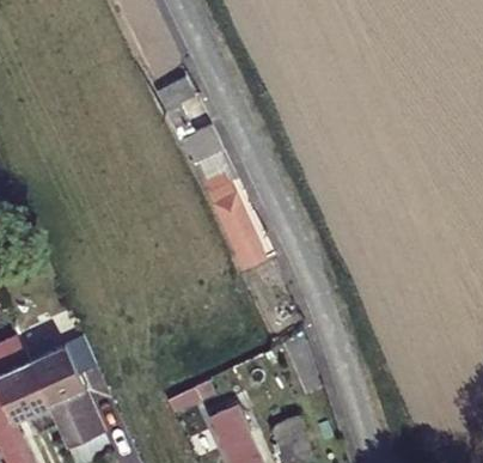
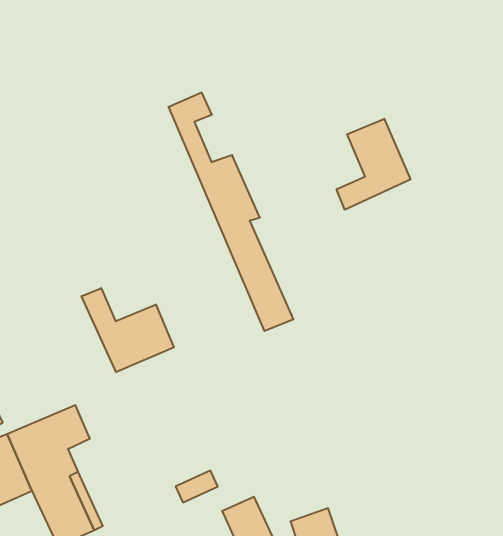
building: none -> [337,119,410,210]
building: none -> [82,288,174,372]

